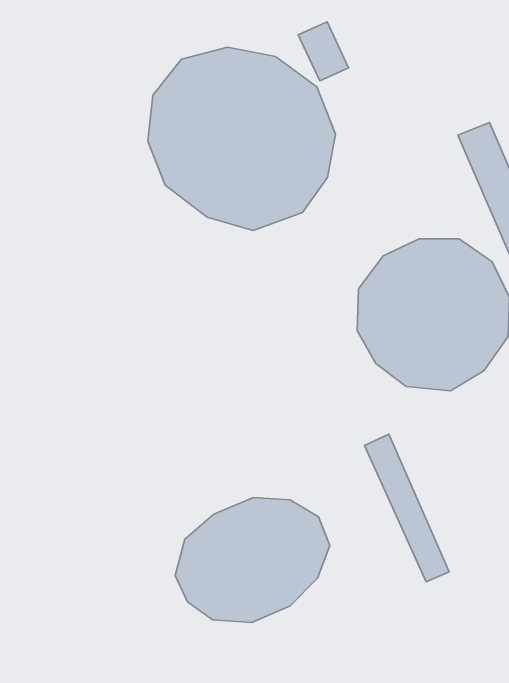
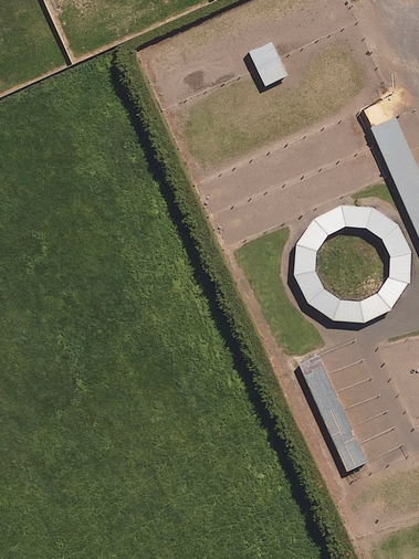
building: [148,47,335,231] -> none
building: [175,497,330,622] -> none

